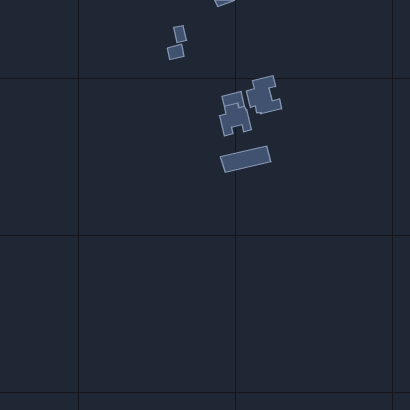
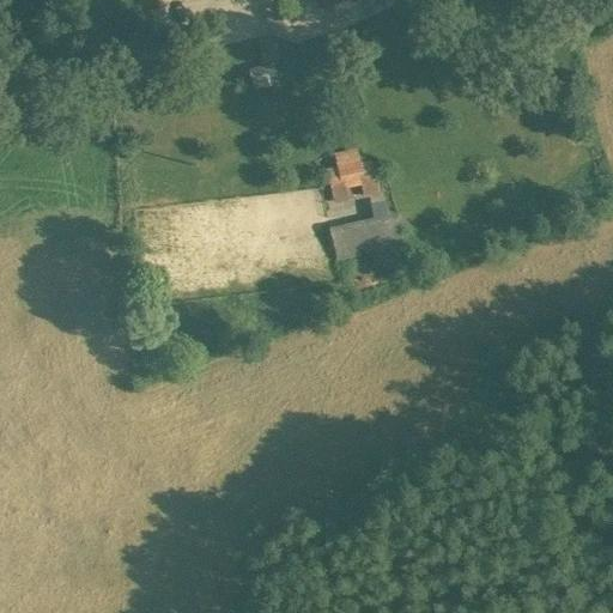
building: [246,76,281,114] -> none

